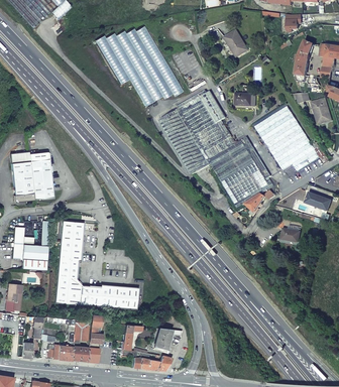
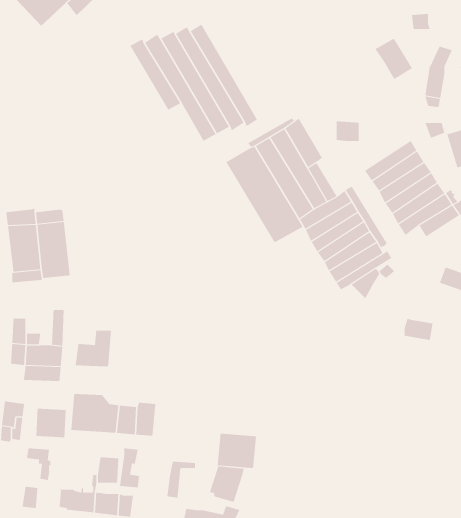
building: [222,28,248,57] -> [375,37,413,80]
building: [58,221,82,245] -> none
building: [54,259,76,279] -> [36,408,66,438]
building: [109,285,136,309] -> [217,433,257,468]

